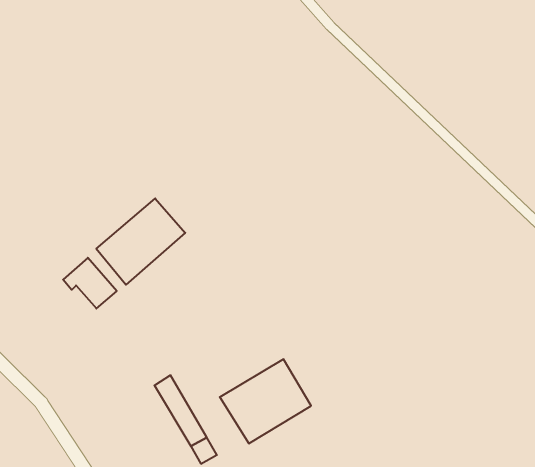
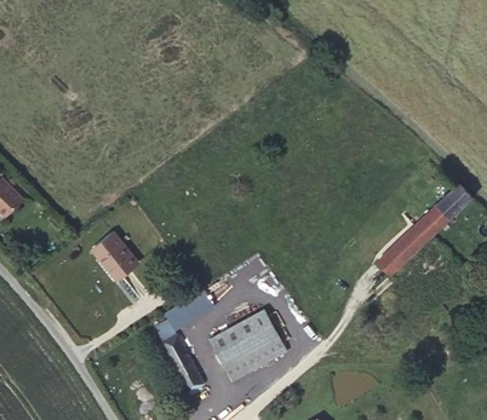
building: [96,198,185,285] -> none
building: none -> [371,191,466,277]

